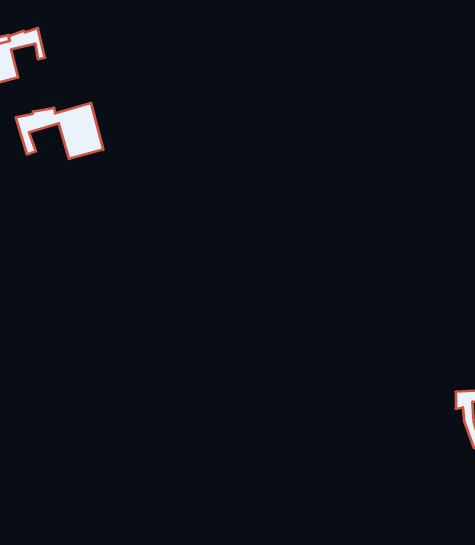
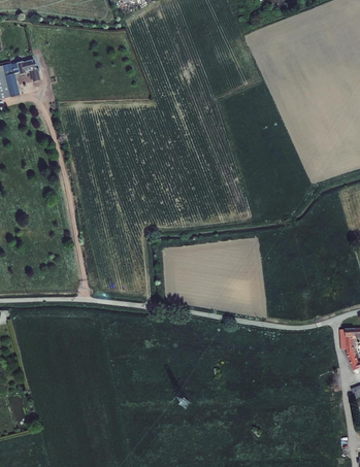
building: [16,103,103,159] -> none

